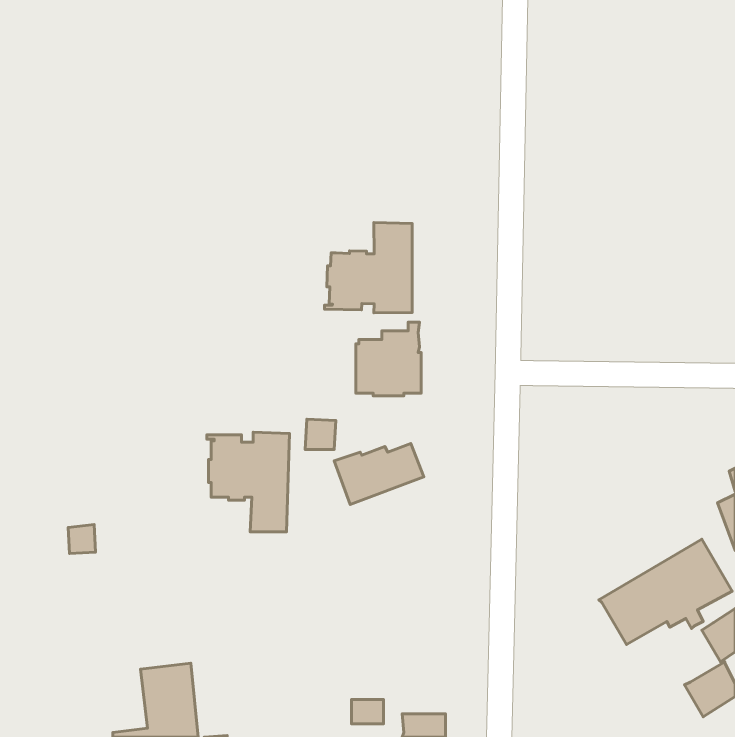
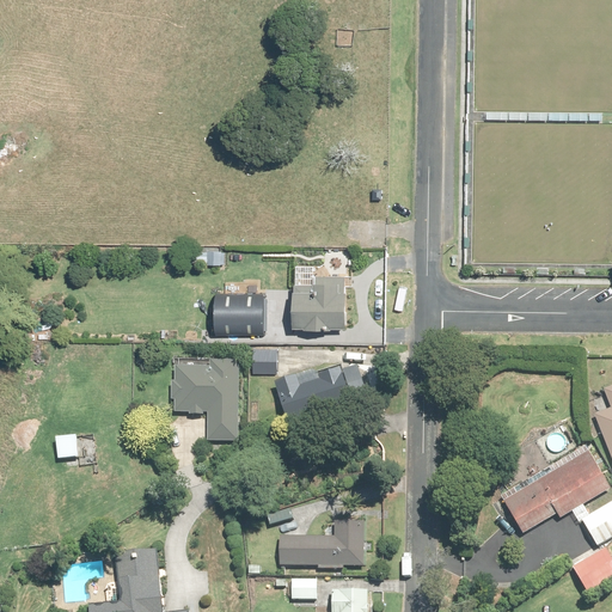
building: [324,222,412,313] -> none
building: none -> [218,292,264,332]
building: none -> [280,520,365,569]

